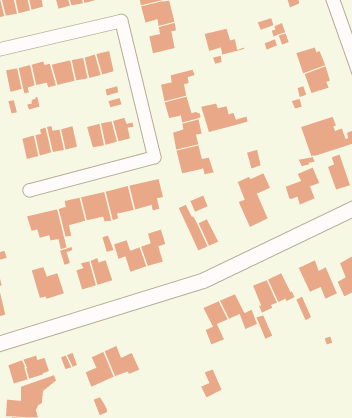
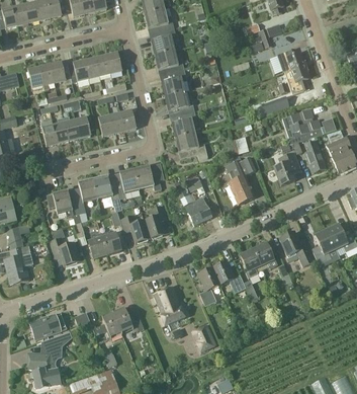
building: [204,28,245,55] -> [154,50,189,73]
building: [201,103,248,133] -> none
building: none -> [153,286,184,325]

